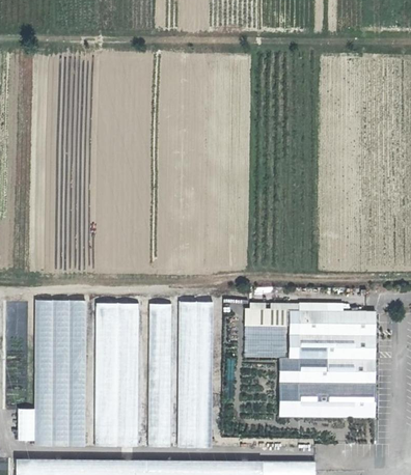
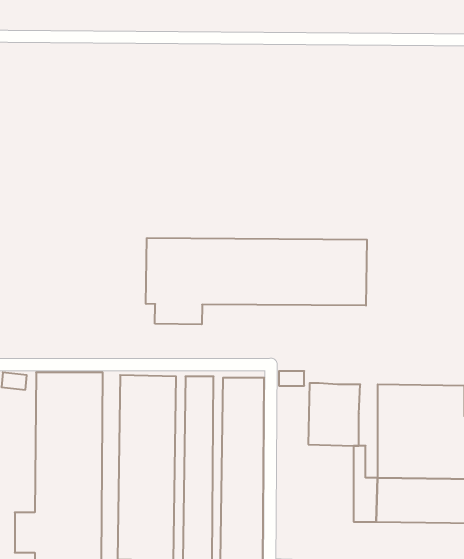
building: none -> [146,238,367,324]
building: [273,303,300,382] -> none

